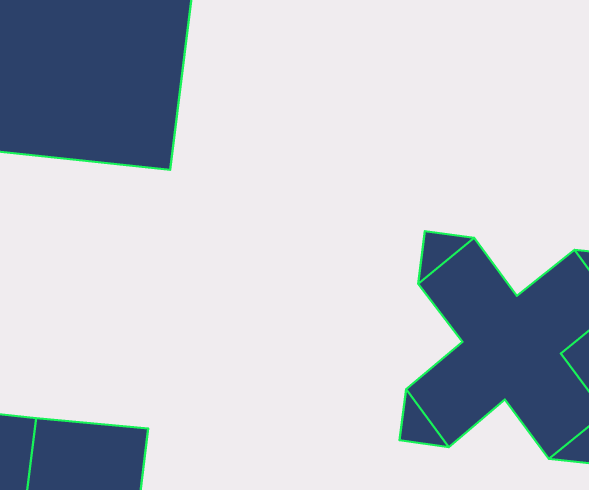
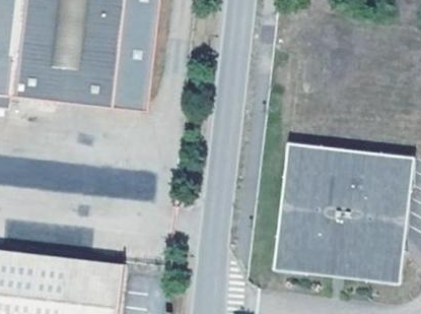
building: none -> [322,147,381,182]
building: none -> [281,175,314,238]
building: none -> [306,244,366,279]

